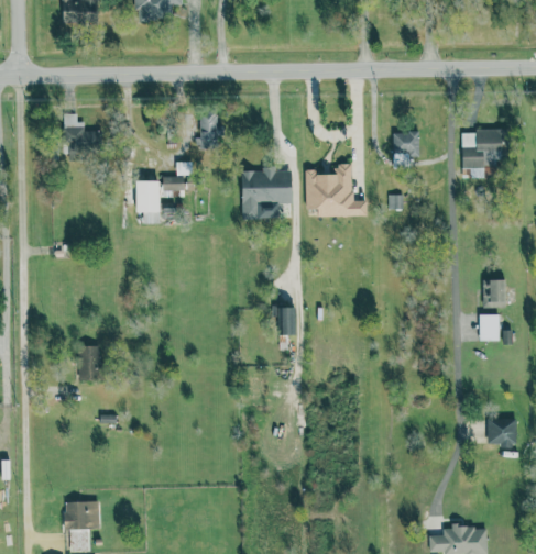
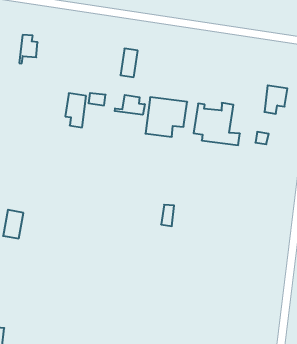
building: none -> [115,95,145,115]

